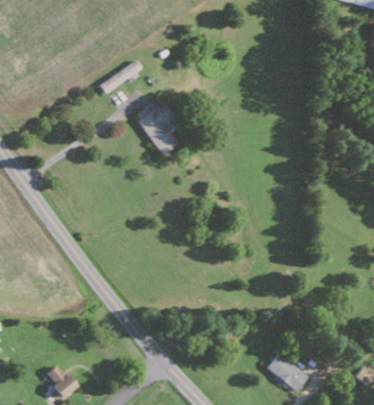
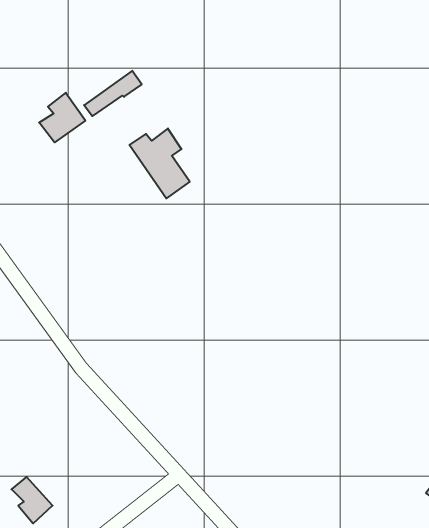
building: none -> [39,93,85,142]
building: [267,352,310,391] -> none

